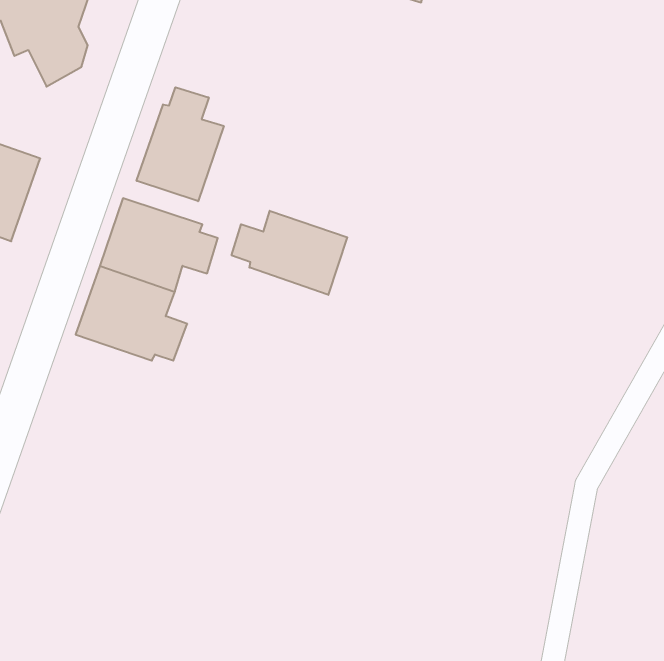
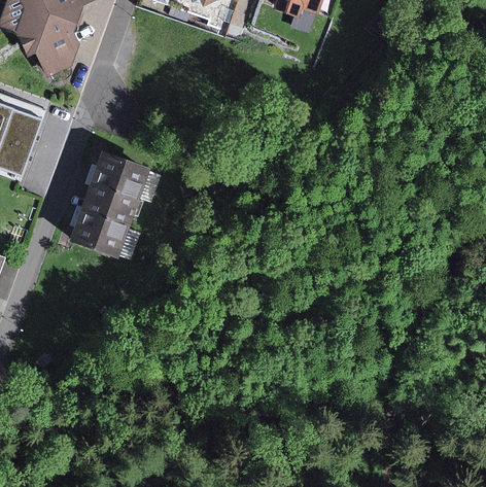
building: [137,87,224,201] -> none
building: [232,211,347,295] -> none

